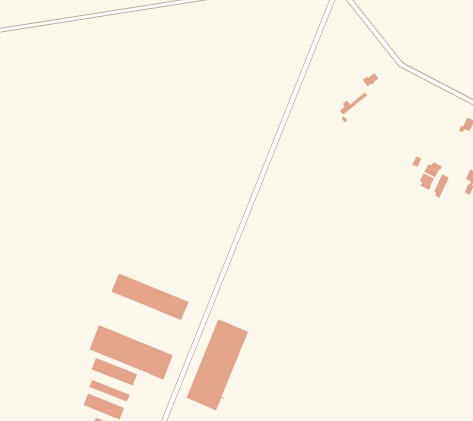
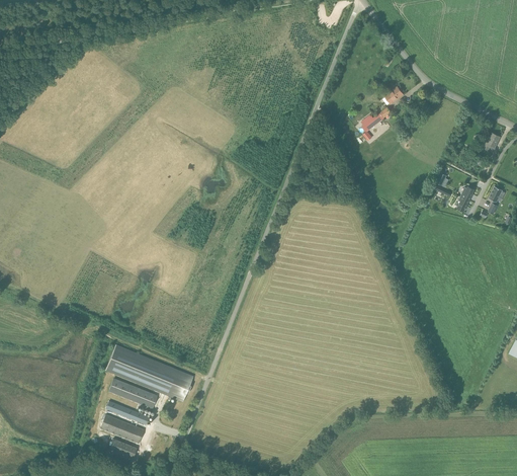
building: [110,273,190,321] -> none
building: [185,318,249,411] -> none

